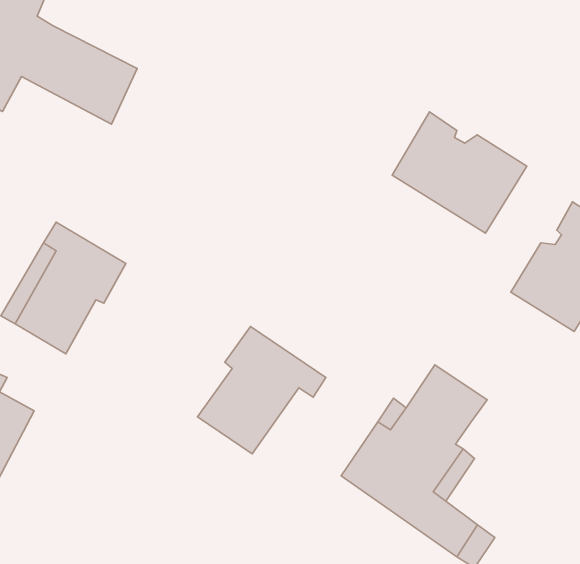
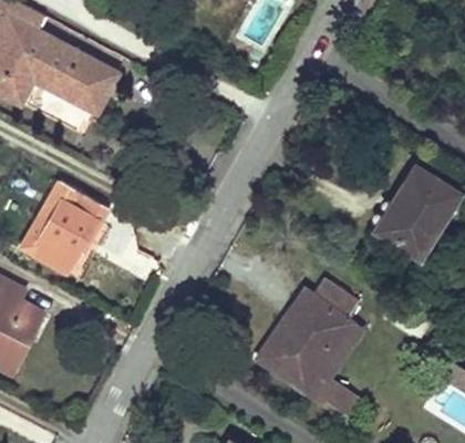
building: [392,112,527,233] -> none
building: [197,327,326,454] -> none

